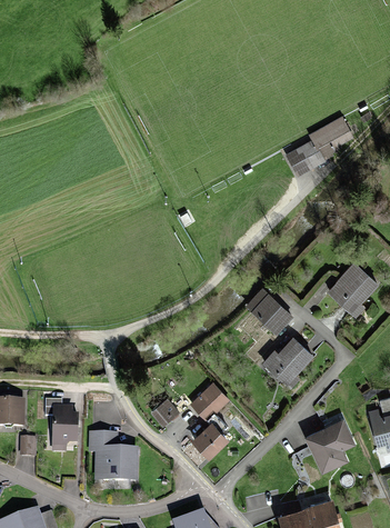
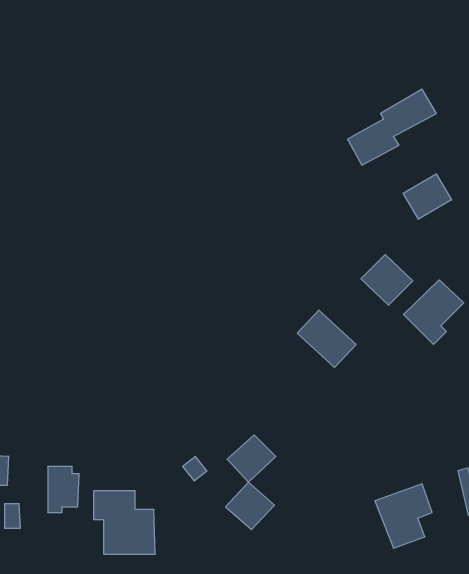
building: none -> [403,174,452,219]
building: none -> [361,255,413,305]
building: [264,339,311,385] -> none

